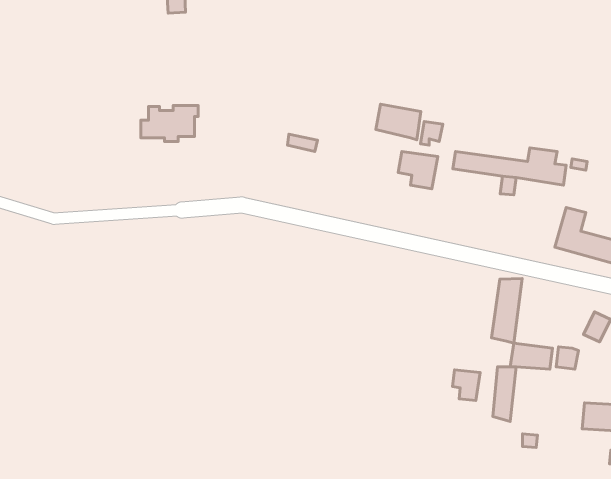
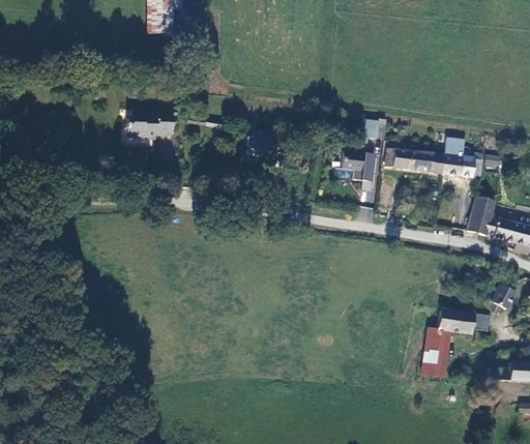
building: [376,104,421,140] -> none
building: [492,279,522,343] -> none
building: [453,370,480,401] -> none

